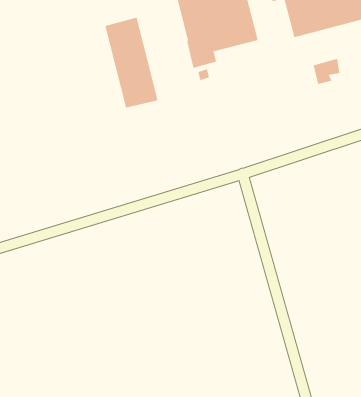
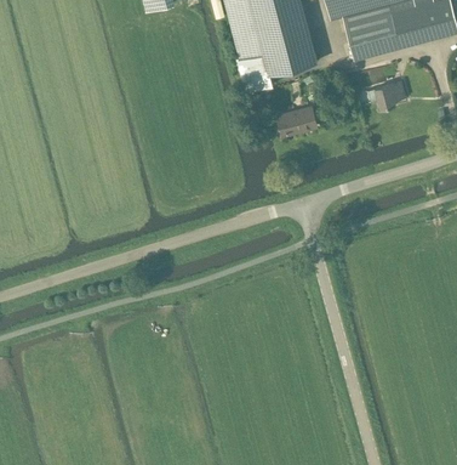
building: [104,17,158,108] -> none
building: none -> [276,108,316,136]

